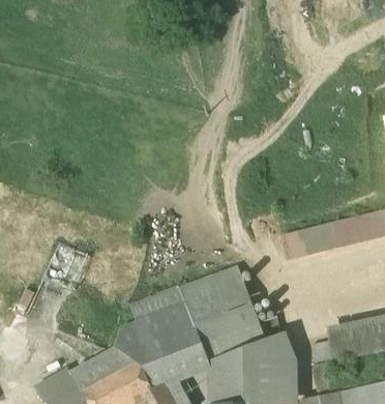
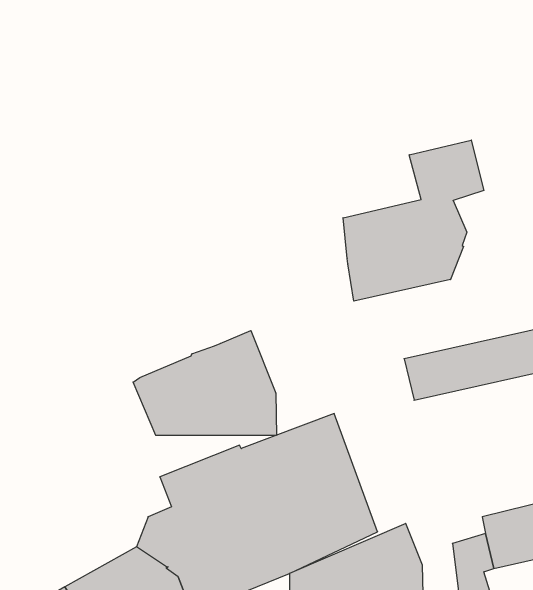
building: none -> [343,140,484,301]
building: none -> [133,331,276,435]

